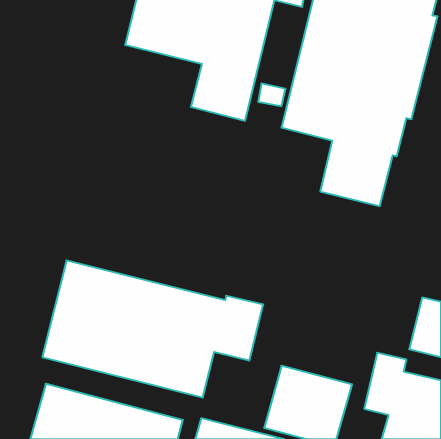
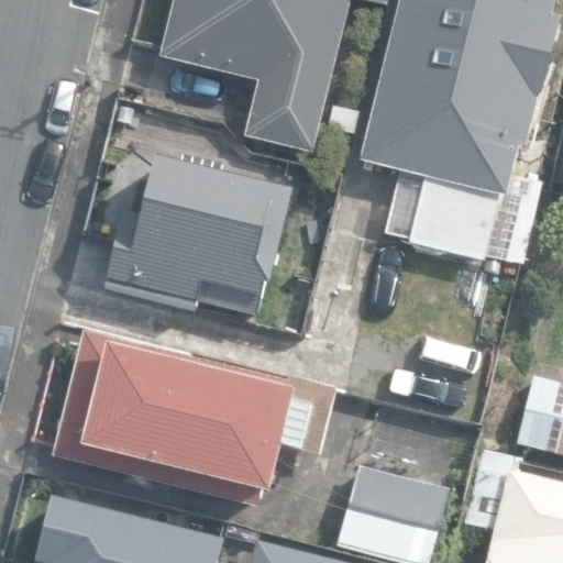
building: none -> [101,157,294,319]

